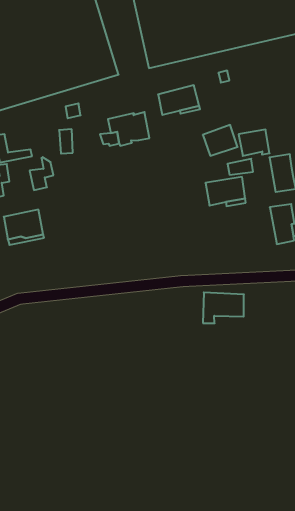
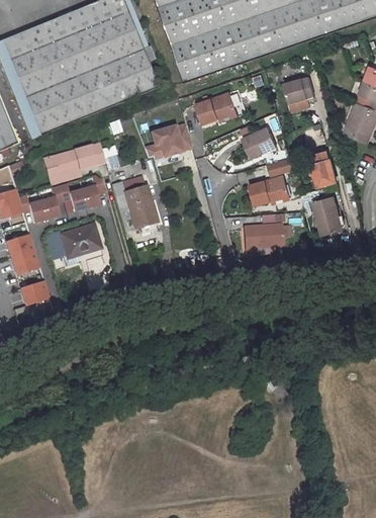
building: none -> [54,142,105,173]
building: [239,130,270,156] -> [285,74,316,101]
building: none -> [59,182,87,210]
building: none -> [112,177,157,231]
building: [203,292,244,323] -> [244,224,284,255]

